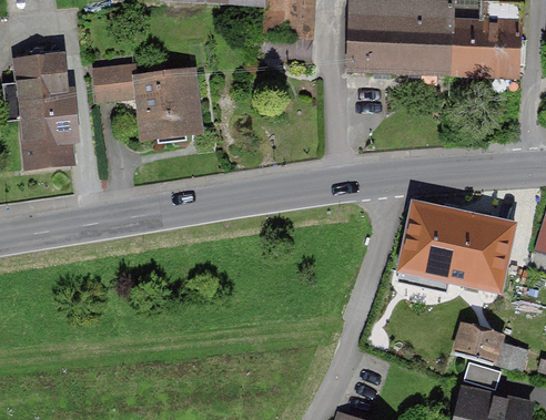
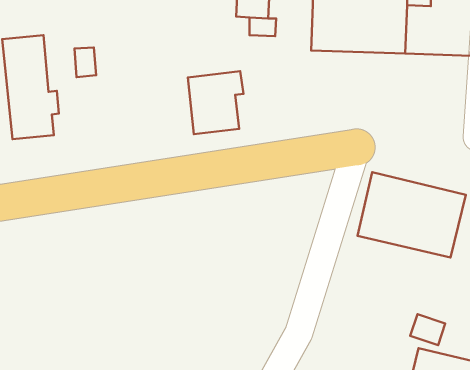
building: [136,68,196,135] -> [188,71,243,134]
building: [456,325,514,367] -> none

